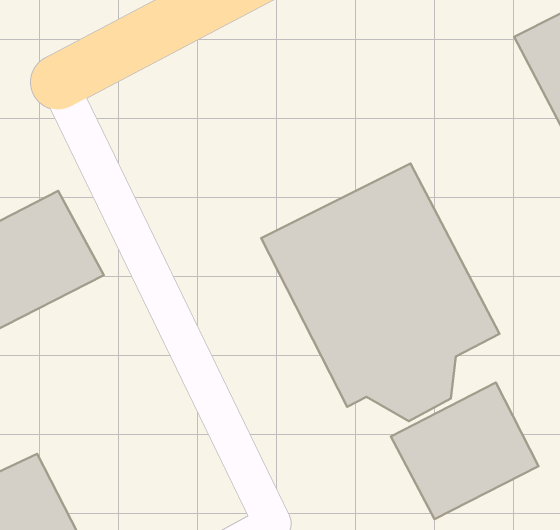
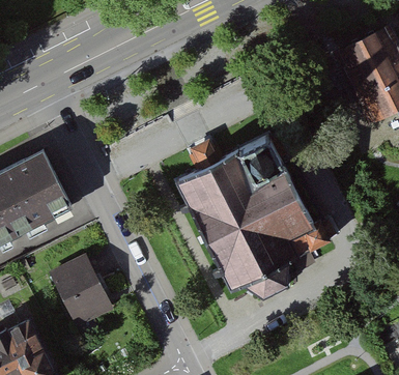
building: none -> [51,254,115,327]
building: [391,382,539,519] -> none

